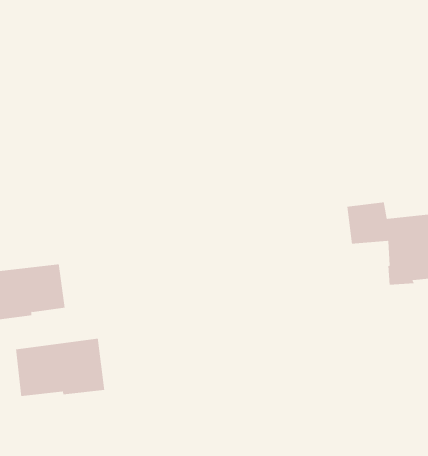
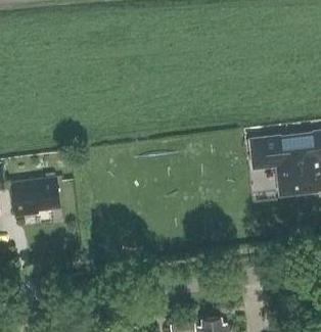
building: [16,338,105,397] -> none

